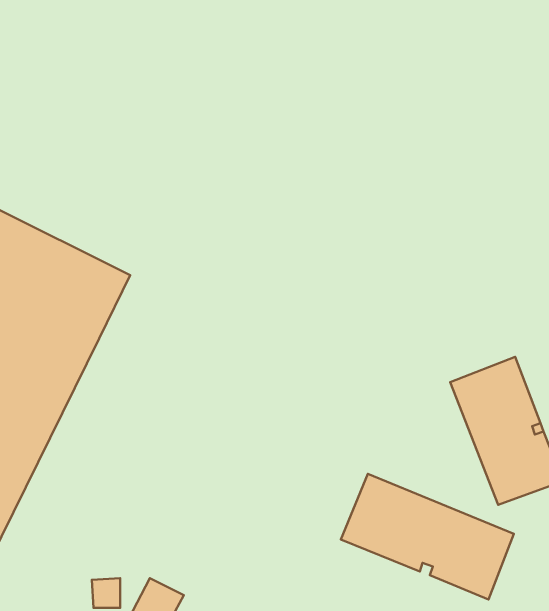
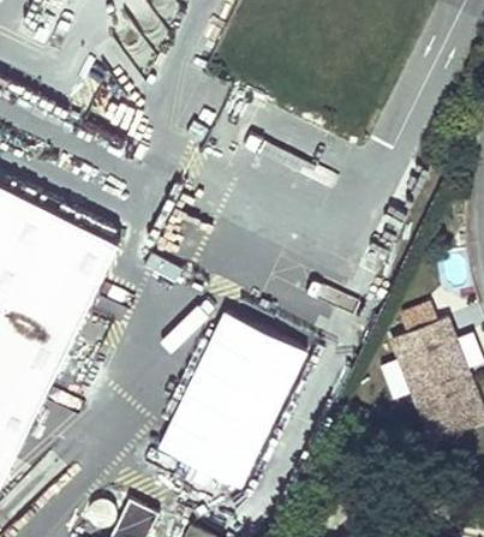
building: none -> [156,315,303,494]
building: [341,474,514,600] -> none

